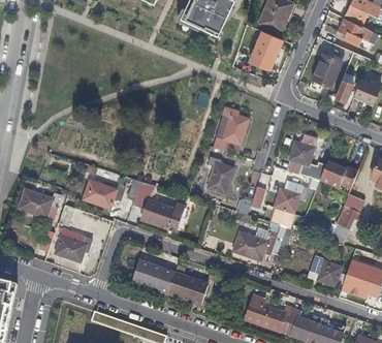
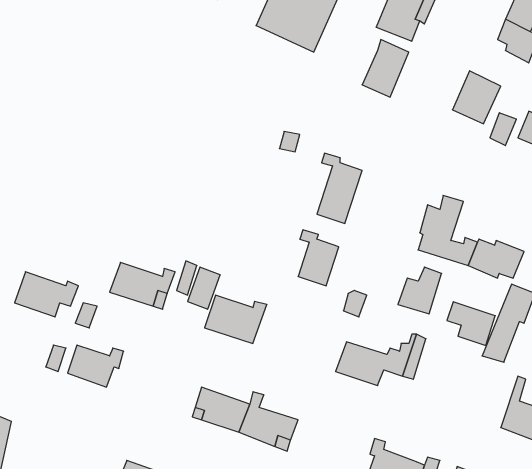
building: [310,257,342,286] -> [447,302,495,345]

